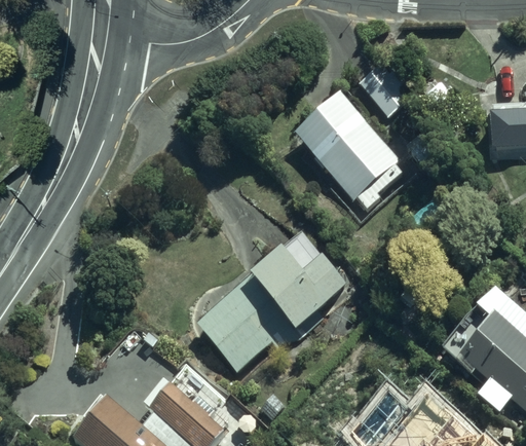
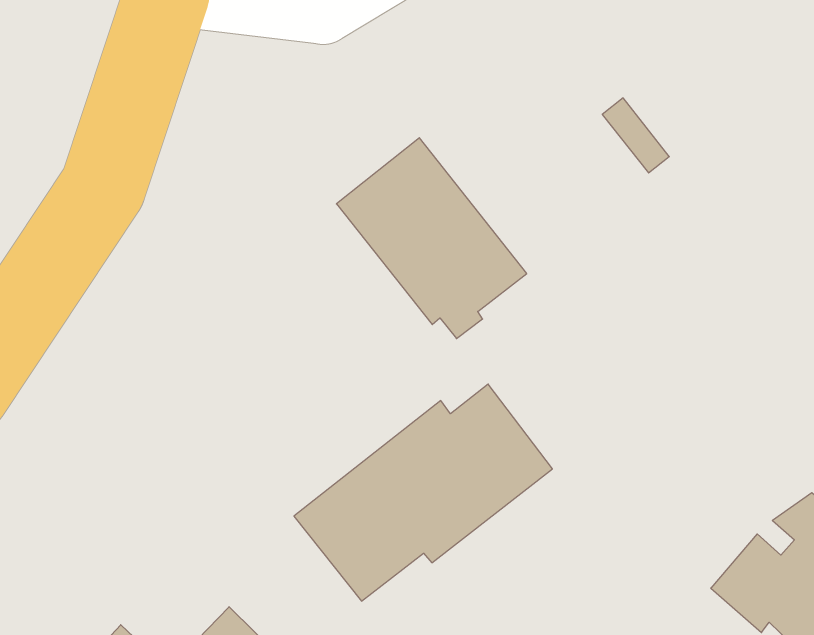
building: [295,90,407,205] -> [336,138,527,339]

